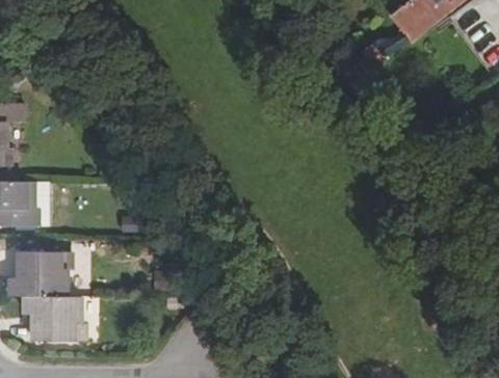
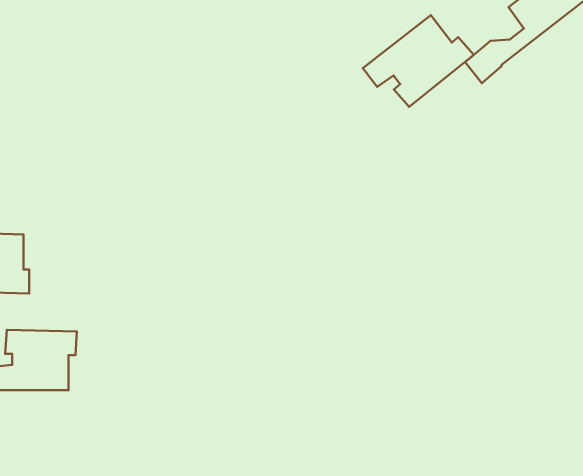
building: none -> [363,15,474,107]
building: [26,297,85,342] -> none

